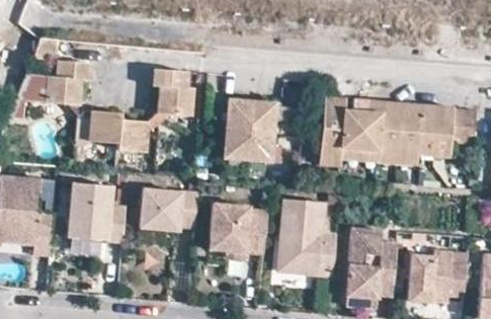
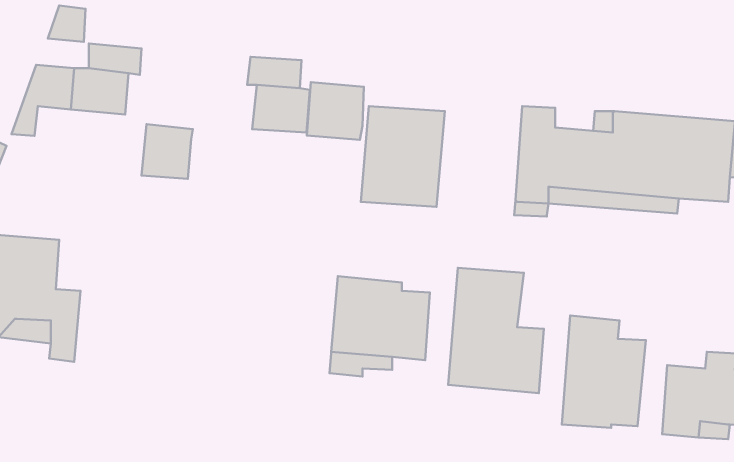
building: none -> [307,82,364,140]
building: [116,119,146,152] -> none
building: [65,182,125,243] -> none
building: [139,188,196,231] -> none

